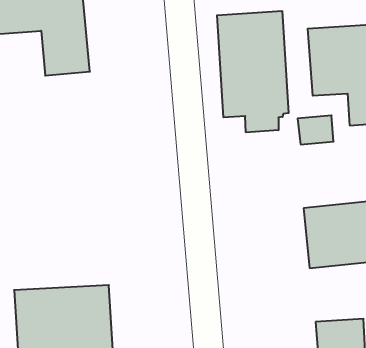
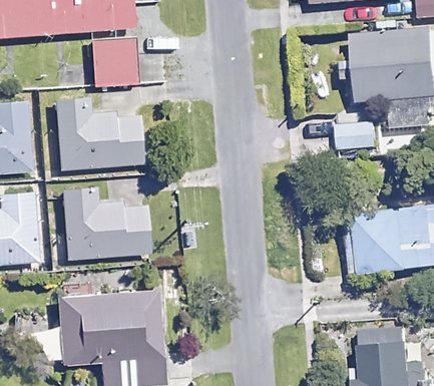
building: [217,11,289,132] -> none
building: none -> [48,97,131,170]
building: none -> [55,183,138,257]

